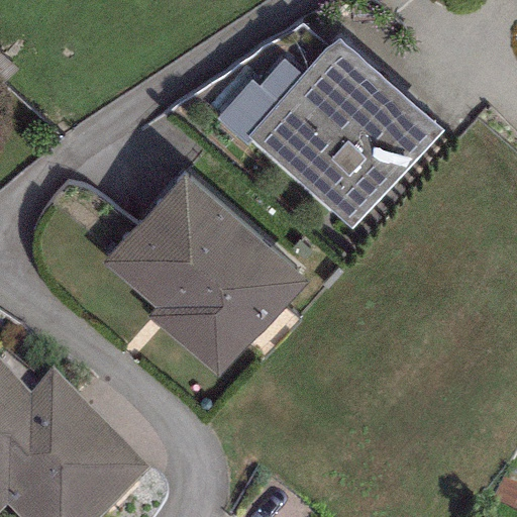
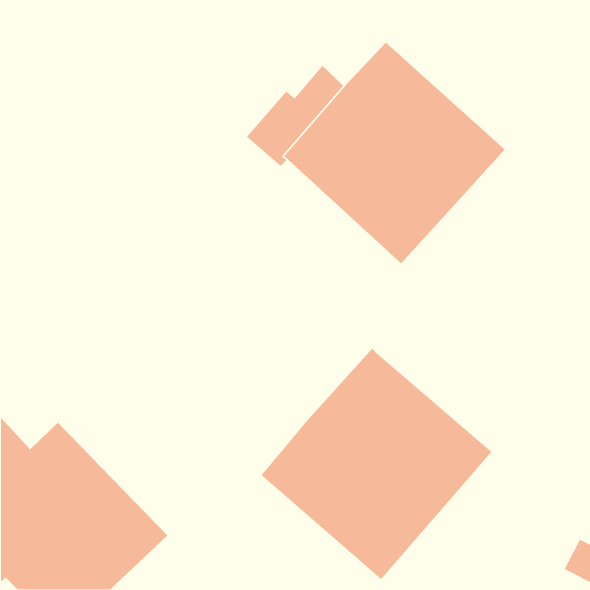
building: [102,172,305,377] -> none
building: none -> [261,348,492,580]

